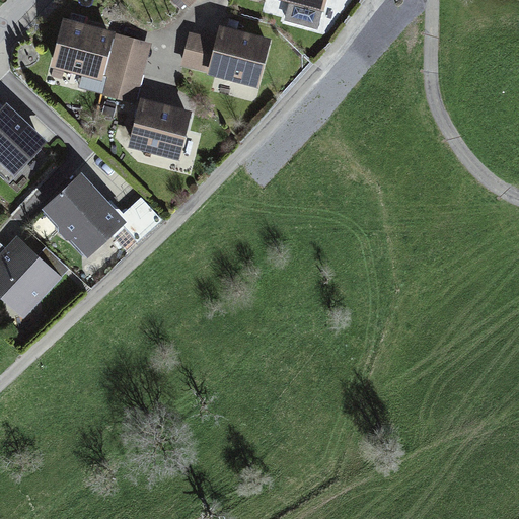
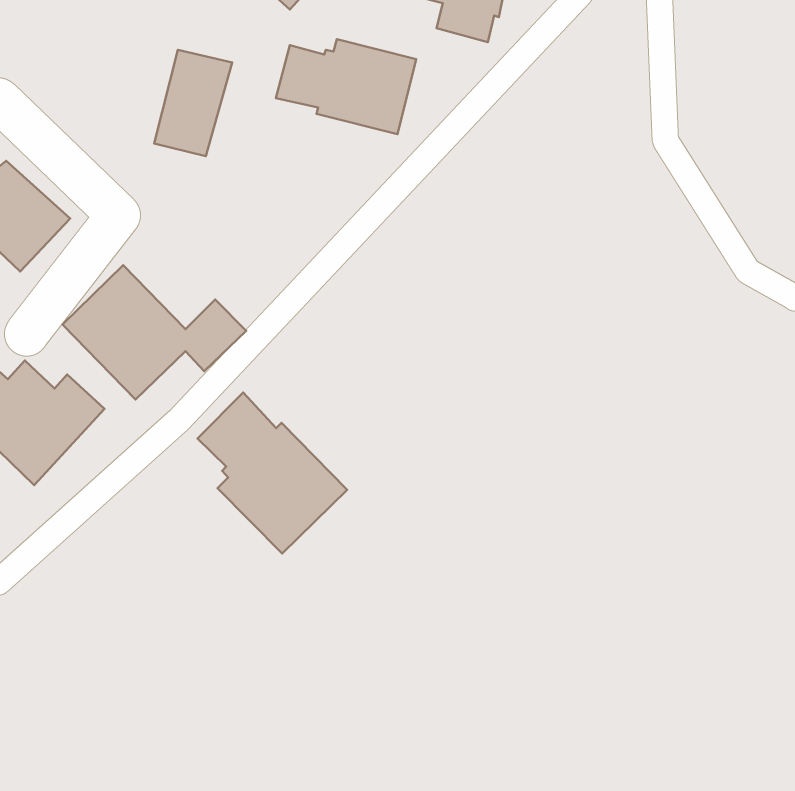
building: [49,19,114,81] -> none
building: [128,98,193,160] -> none
building: none -> [198,393,347,554]

